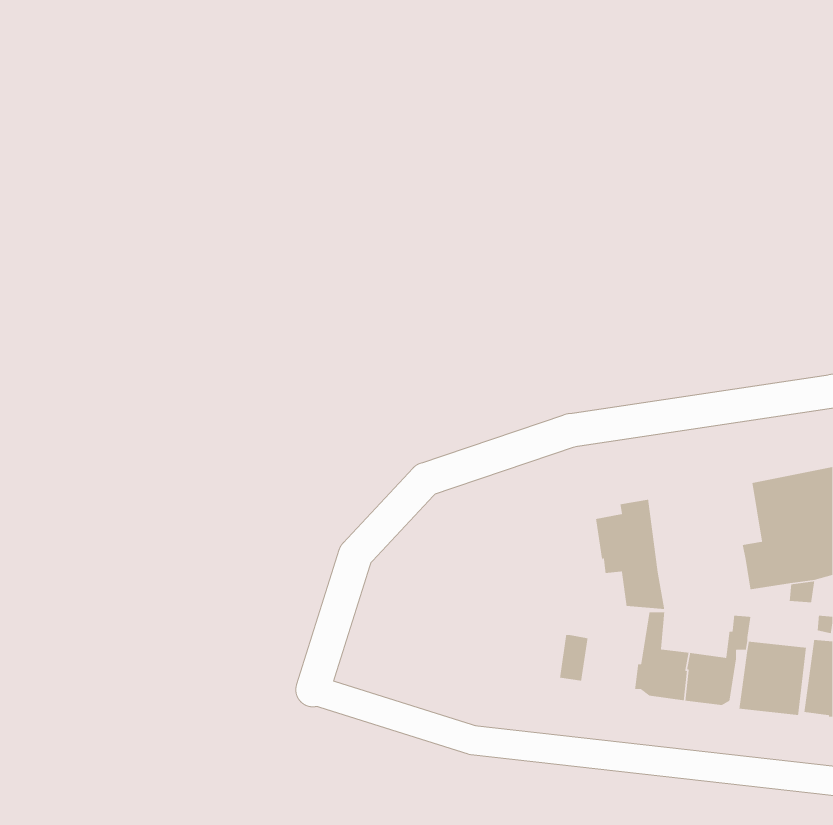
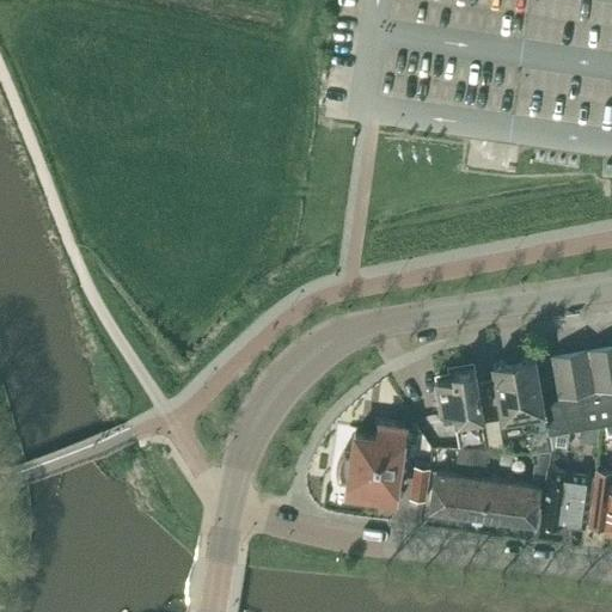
building: none -> [494,362,552,457]
building: none -> [339,427,405,504]
building: none -> [432,452,476,515]

